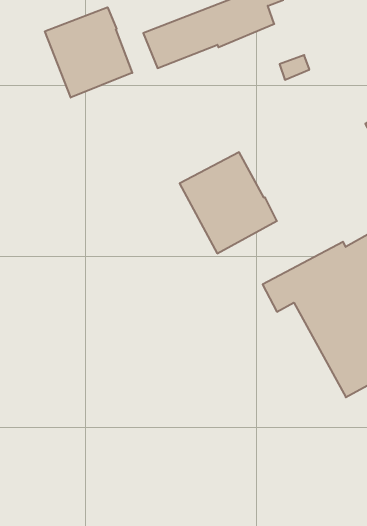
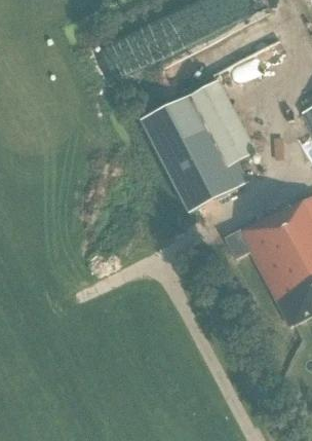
building: [45,7,132,98] -> none
building: none -> [141,78,256,167]

